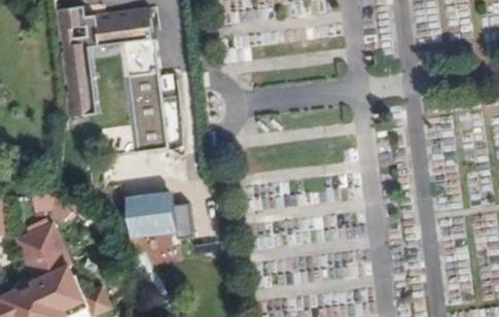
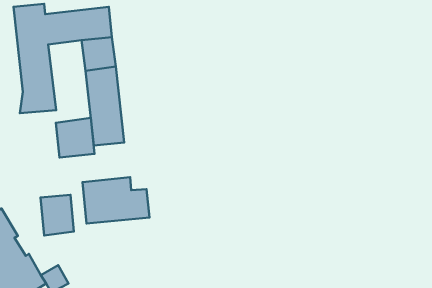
building: none -> [56,118,95,157]
building: none -> [41,195,74,236]

